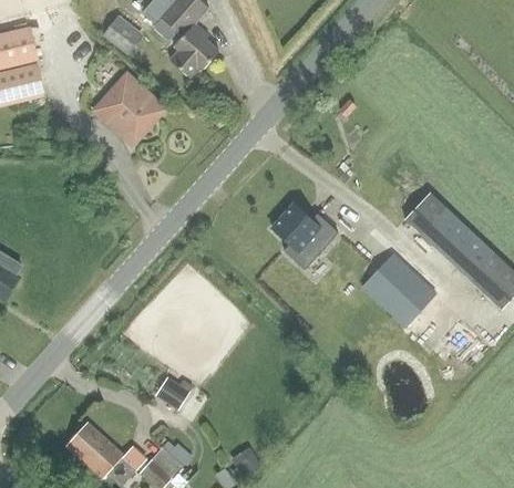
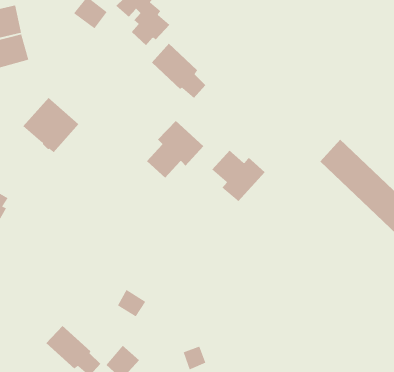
building: none -> [151,43,206,99]
building: [93,73,163,142] -> [22,97,79,153]
building: none -> [146,120,204,178]
building: [361,251,436,326] -> none

